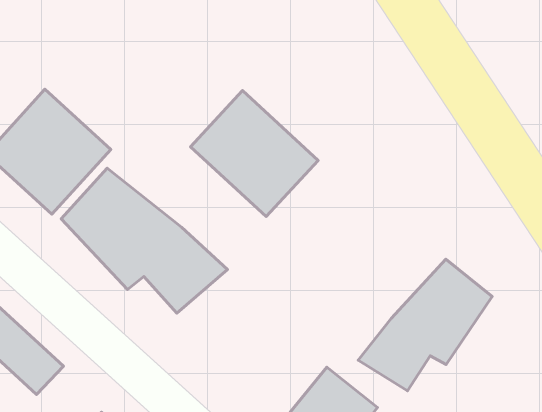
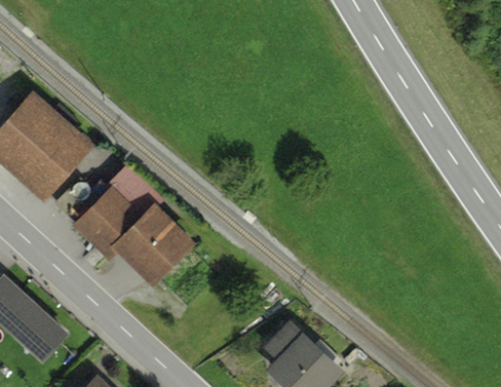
building: [190,91,318,216] -> none
building: [358,259,492,391] -> none

